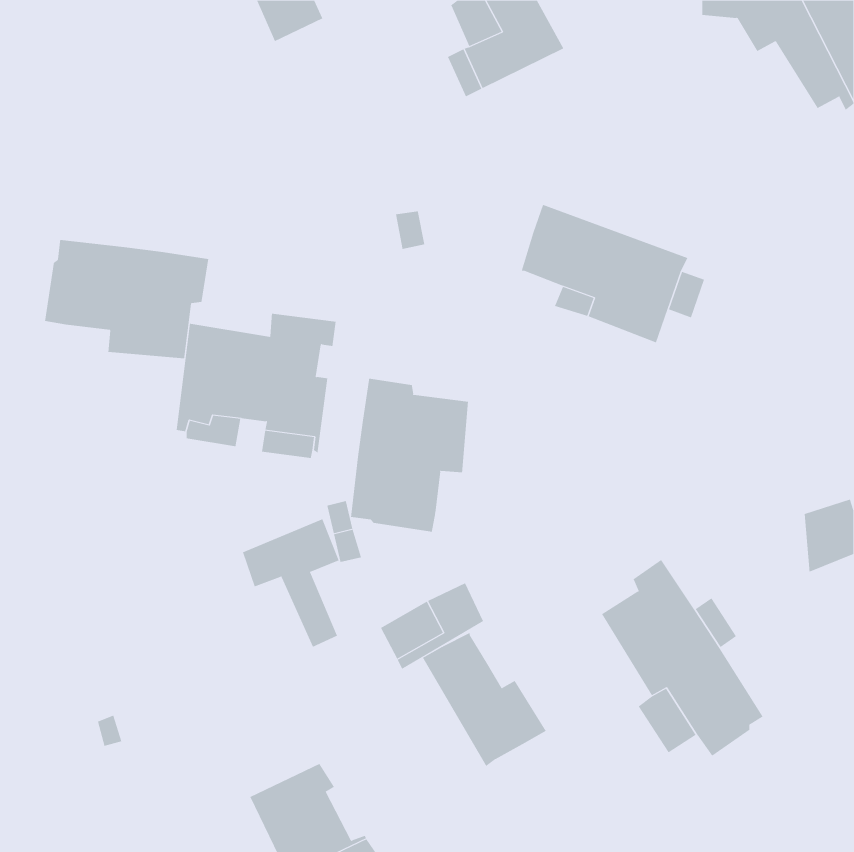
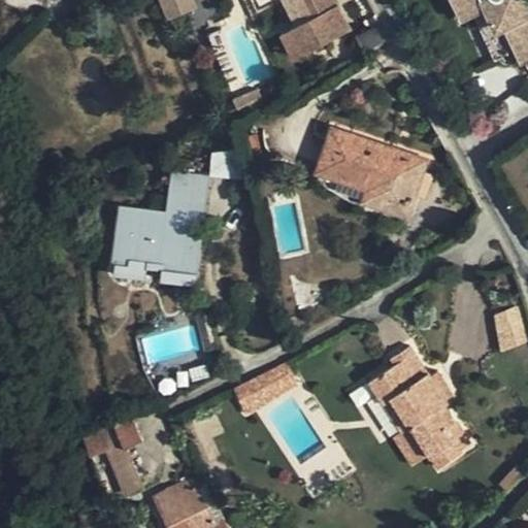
building: [45,239,209,359] -> none
building: none -> [167,167,211,200]
building: [351,378,469,533] -> none
building: [242,519,339,647] -> [84,412,143,492]
building: [422,632,546,767] -> none

